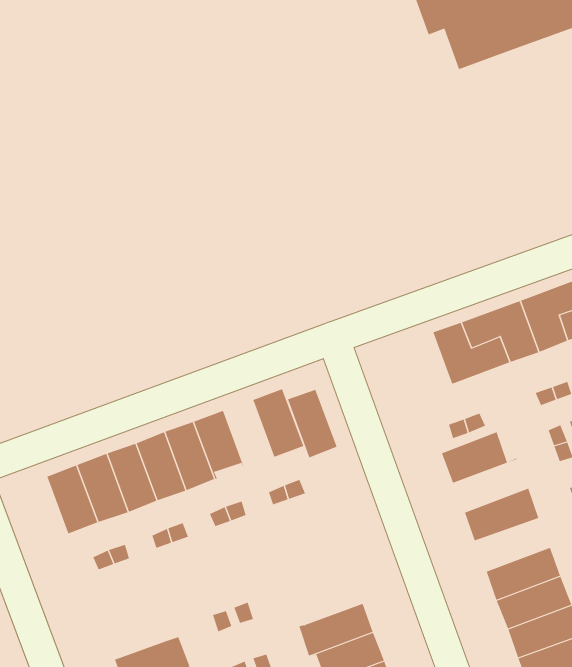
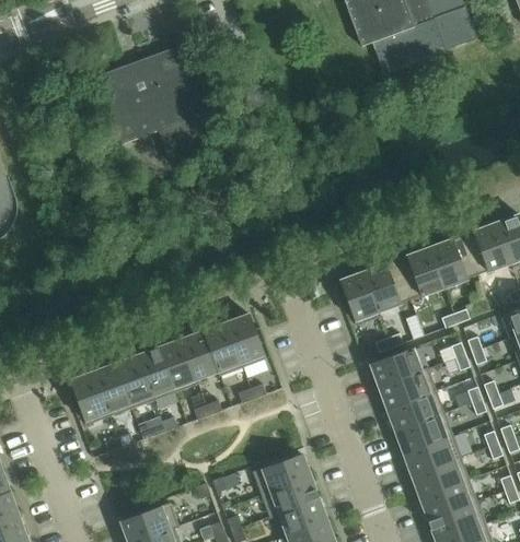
building: none -> [103,48,210,164]
building: none -> [339,272,380,326]
building: [287,389,338,458] -> [205,323,243,376]
building: none -> [379,368,437,409]
building: none -> [395,413,453,453]
building: none -> [253,453,311,495]

